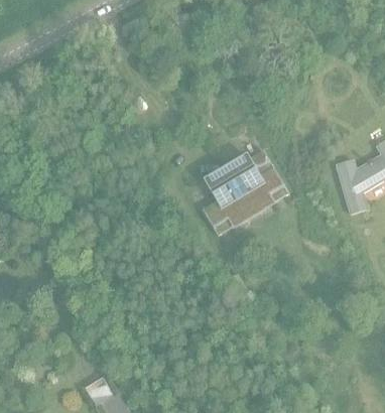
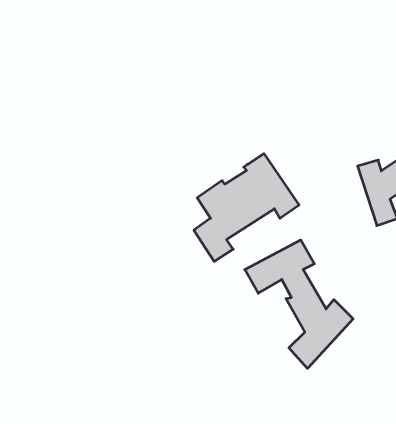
building: none -> [245,240,353,368]

